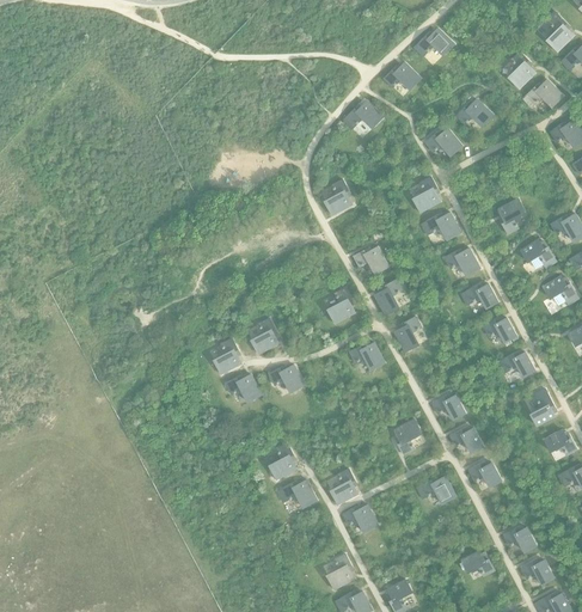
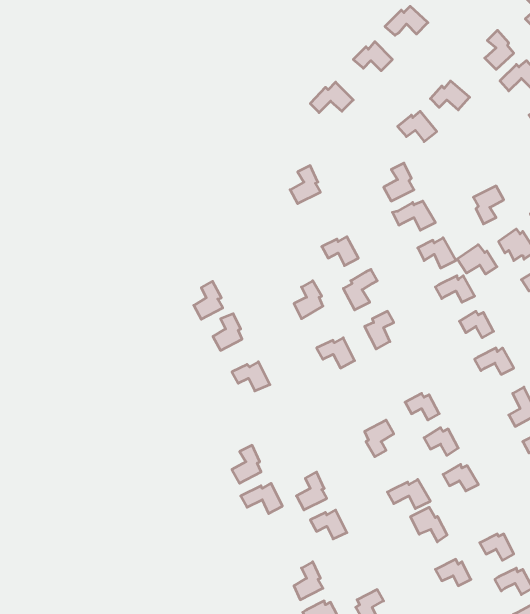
building: none -> [457,245,497,274]
building: [213,337,240,373] -> [194,281,223,319]
building: [225,373,261,400] -> none
building: none -> [411,507,447,542]

